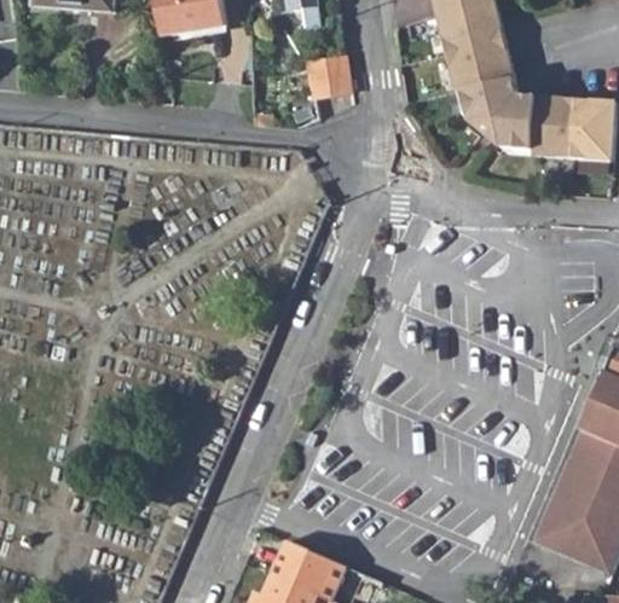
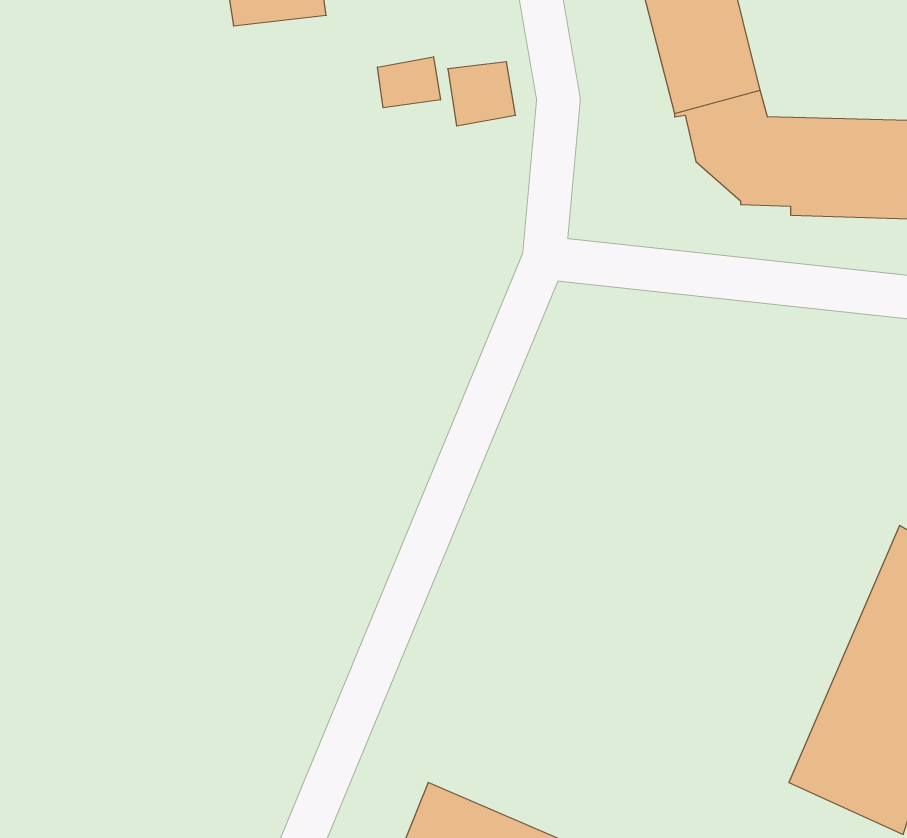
building: none -> [377,57,440,108]

